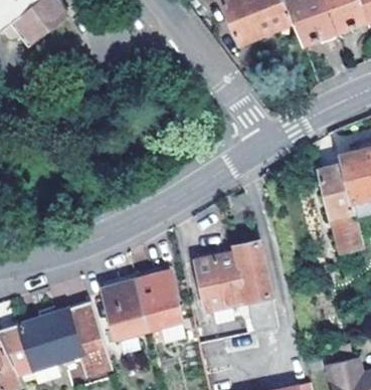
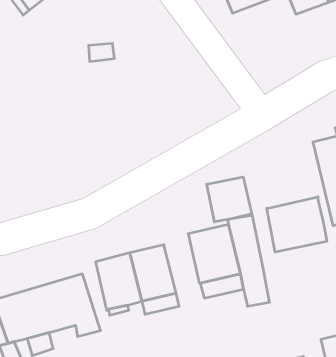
building: none -> [207,177,252,222]
building: none -> [267,197,327,252]

